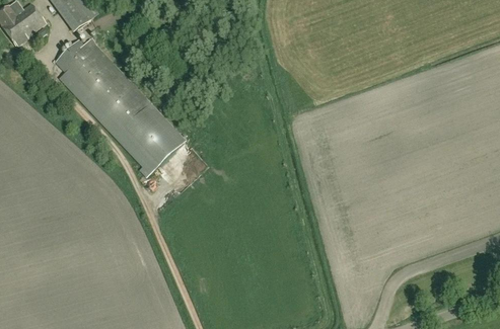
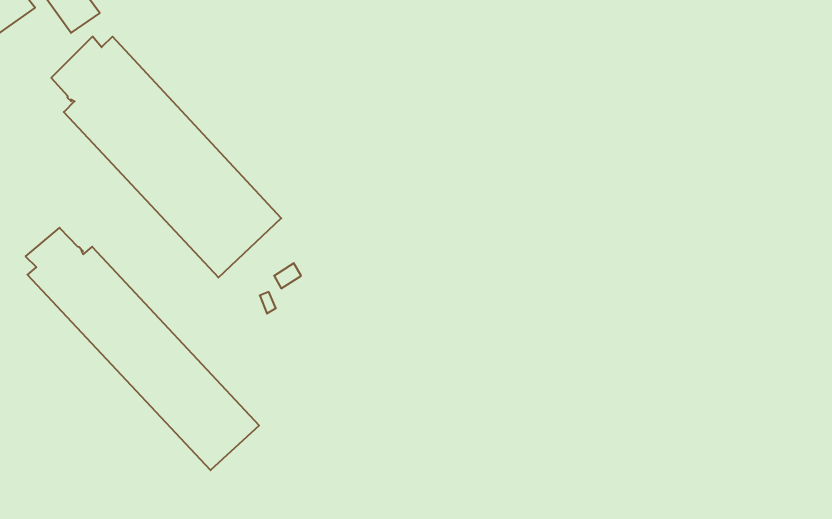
building: none -> [26,228,259,470]

